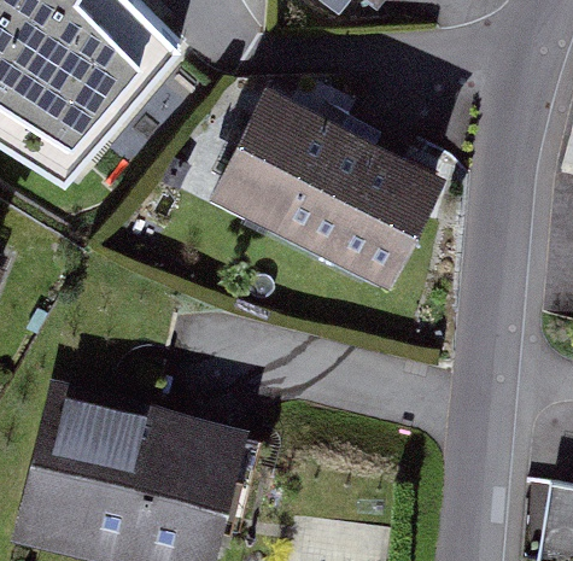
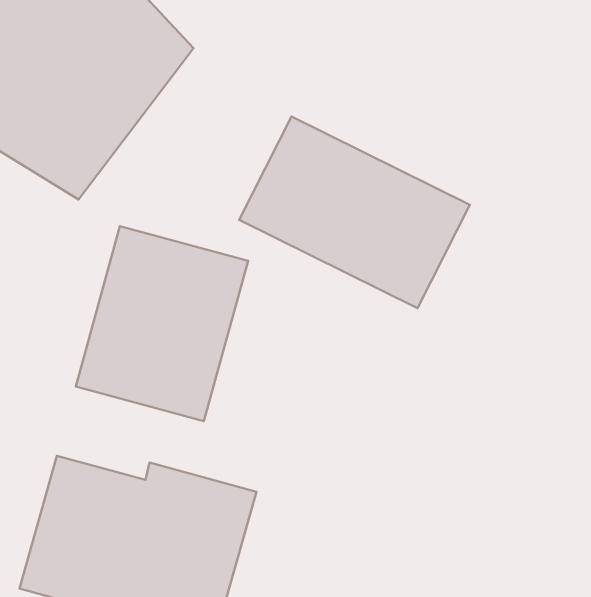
building: none -> [76,226,248,421]

